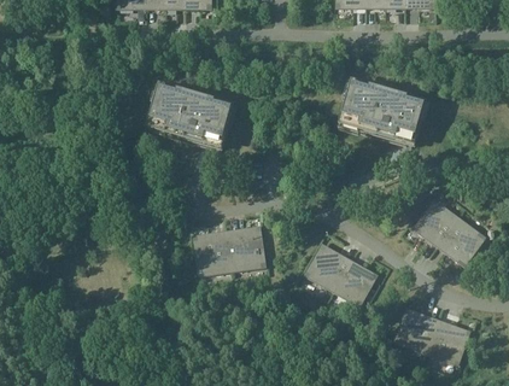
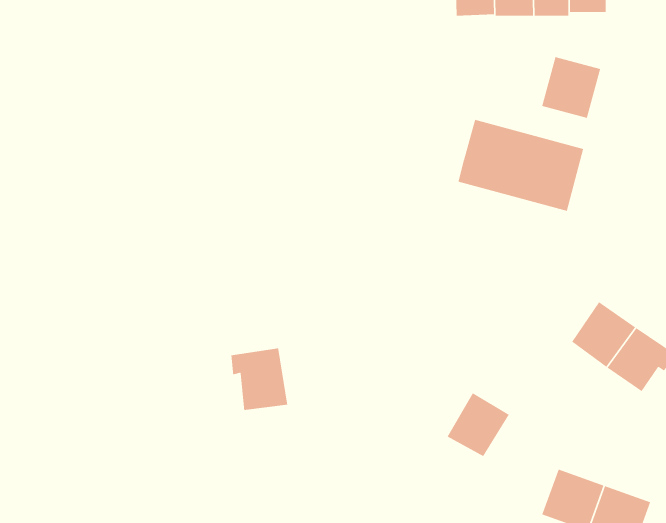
building: none -> [541,56,601,119]
building: [148,87,230,147] -> none
building: [226,227,263,269] -> none
building: [306,245,351,290] -> none

